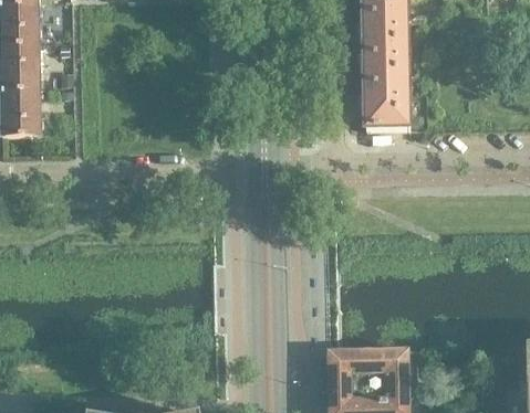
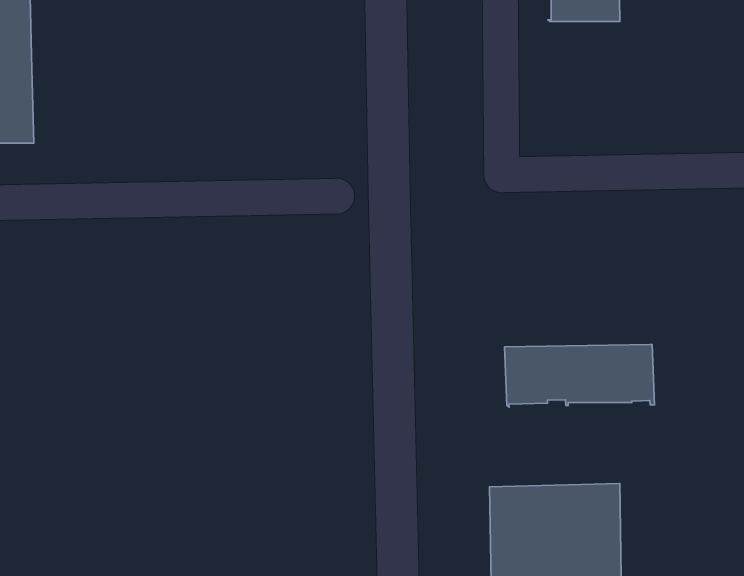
building: [364,56,411,128] -> none
building: none -> [504,344,655,407]

